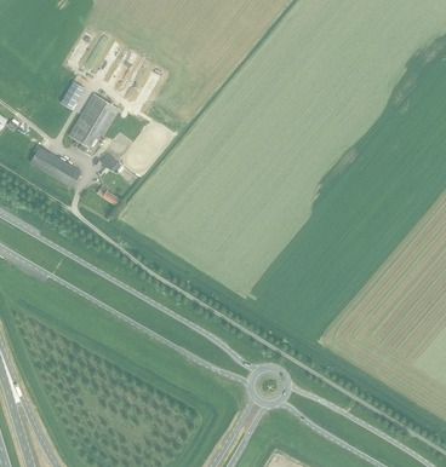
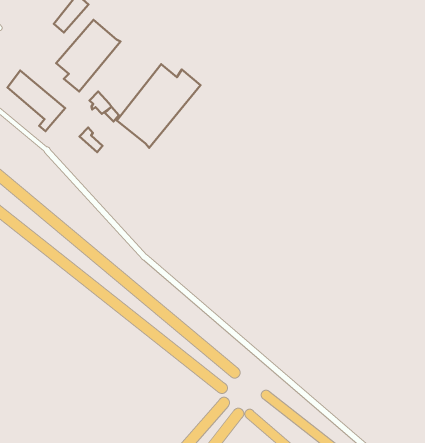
building: none -> [117,64,201,148]

